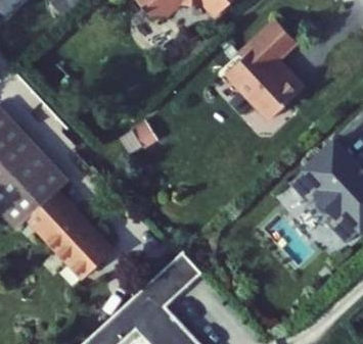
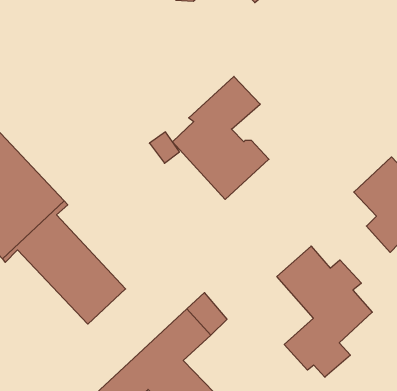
building: [227,22,306,122] -> [172,76,269,199]
building: none -> [277,246,372,377]

